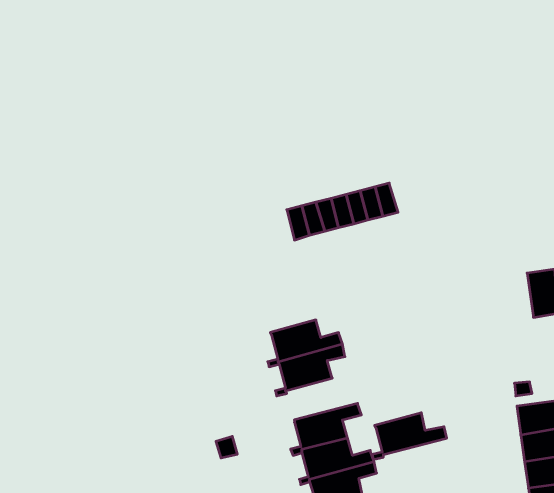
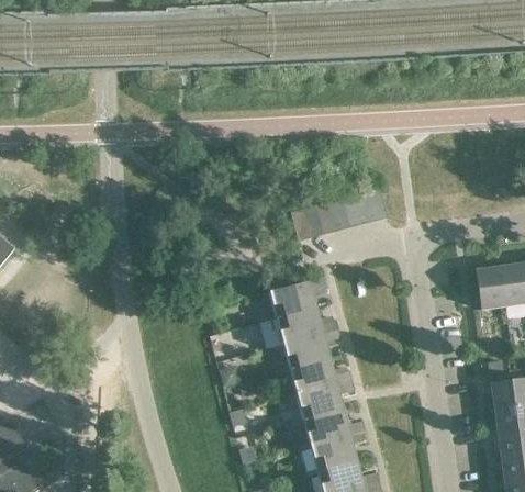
building: none -> [474,268,504,310]
building: none -> [267,278,327,324]
building: [372,413,447,460] -> [287,359,351,400]

